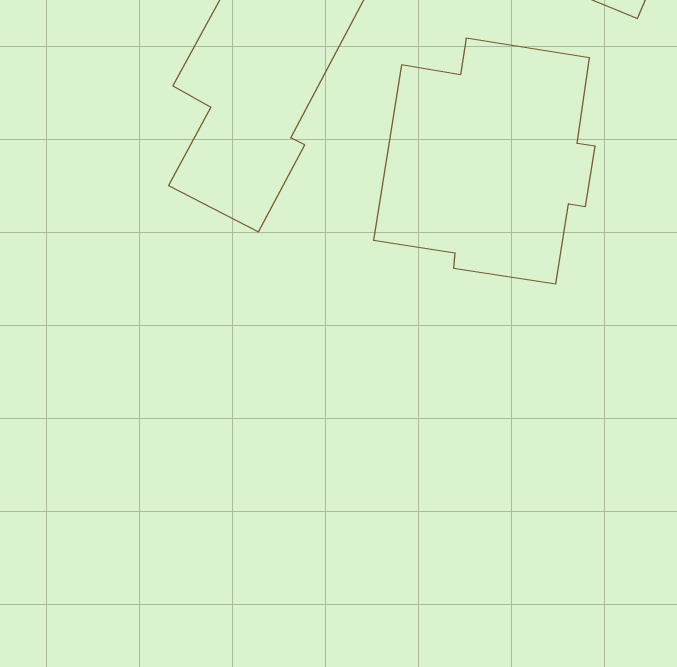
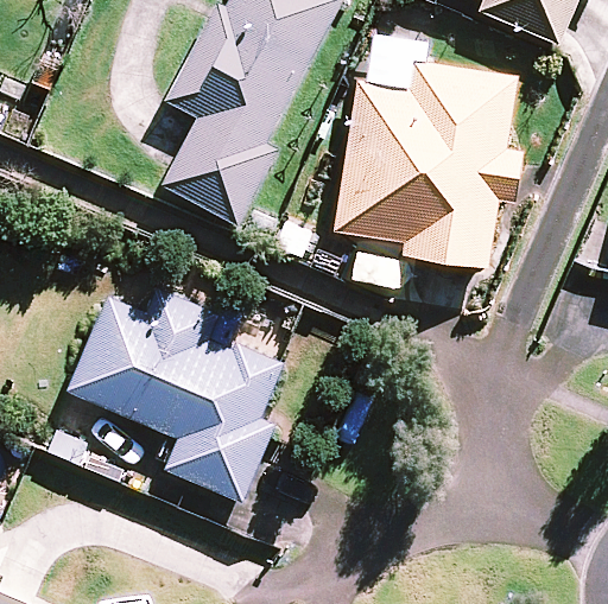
building: none -> [68,293,281,500]

